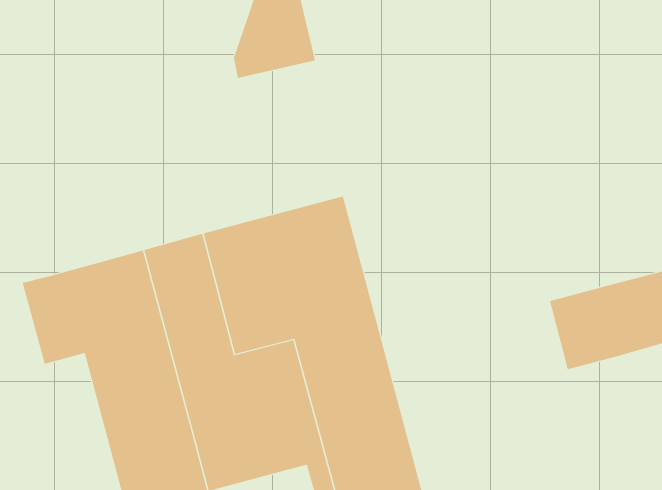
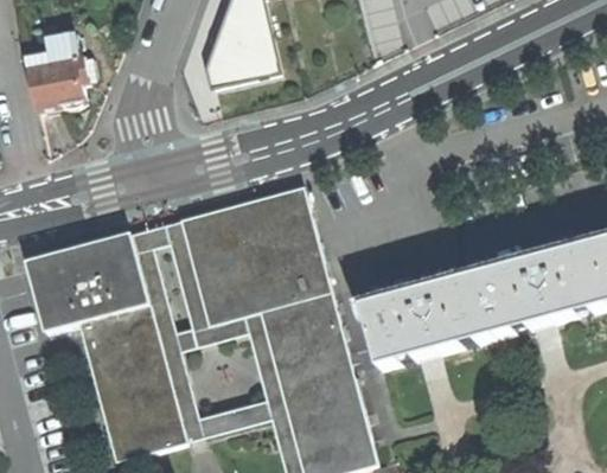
building: none -> [23,33,87,109]
building: none -> [363,275,493,365]

